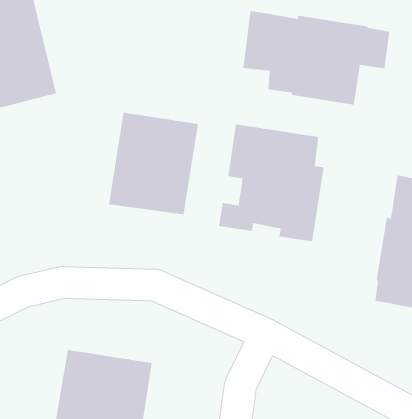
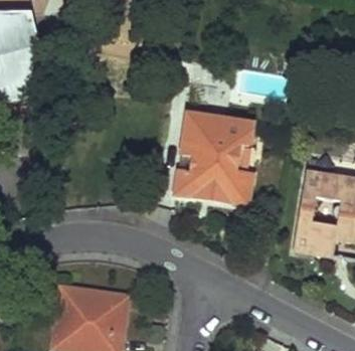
building: [243,10,390,105] -> none
building: [108,112,198,215] -> none

